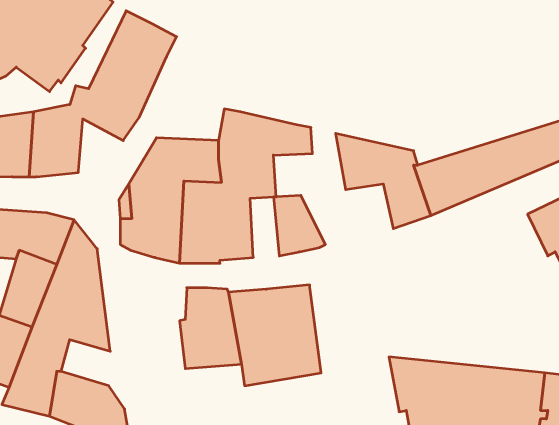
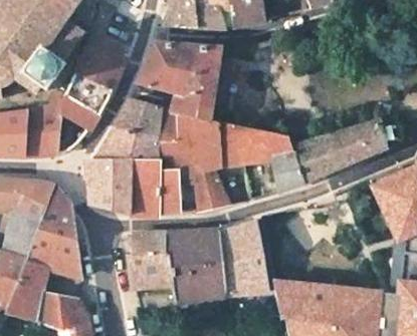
building: none -> [136,43,220,119]
building: none -> [112,100,159,130]
building: none -> [193,121,243,170]
building: none -> [218,222,269,296]

